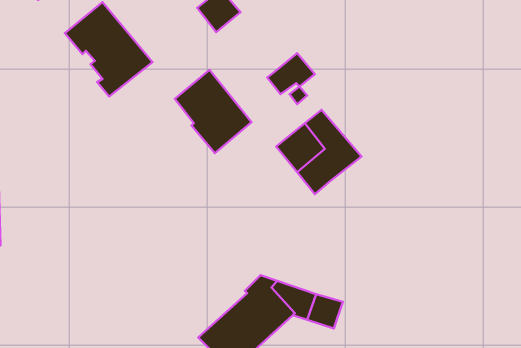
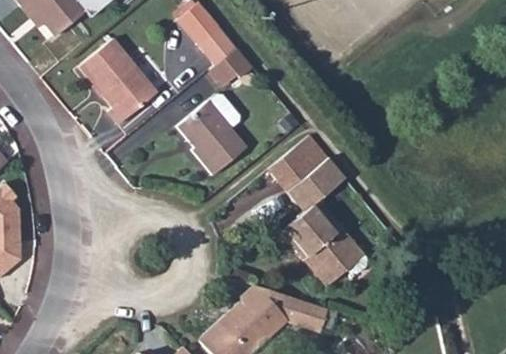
building: [267,53,315,94] -> [209,48,252,85]
building: none -> [280,200,356,284]

